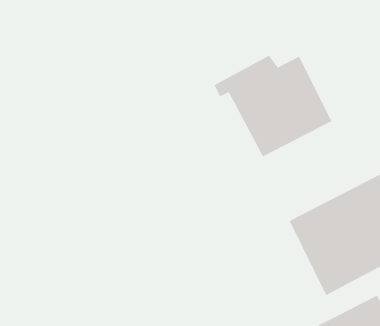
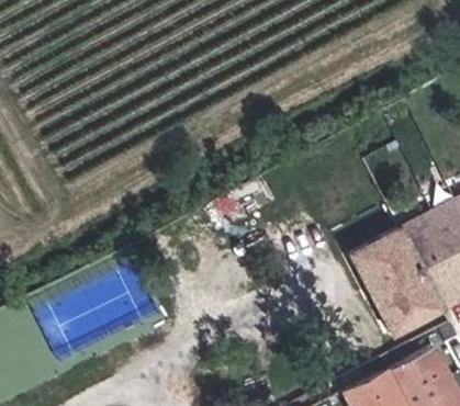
building: [214,55,332,157] -> none

